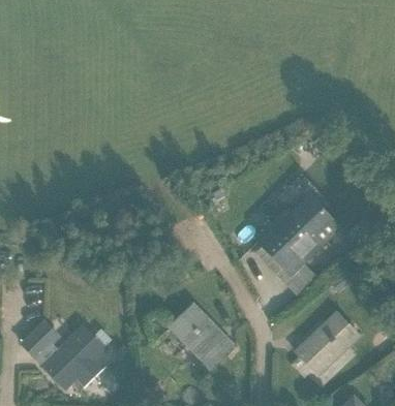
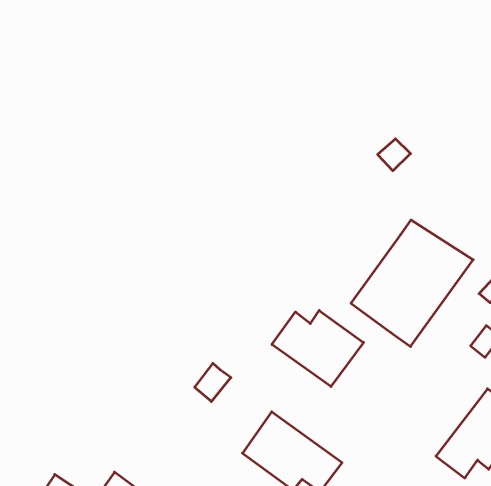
building: none -> [272,310,364,387]

